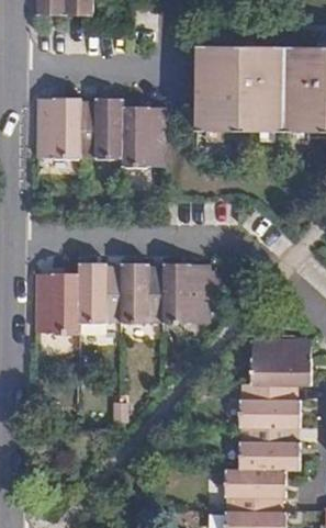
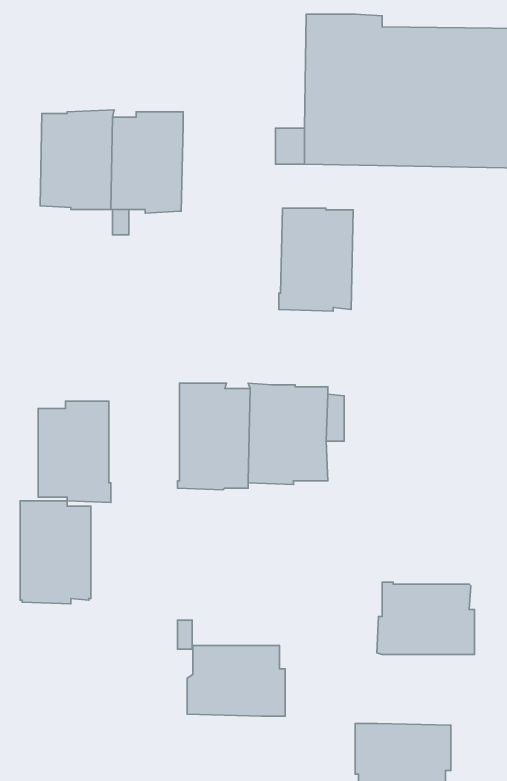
building: [119,106,164,169] -> [279,208,353,311]
building: [76,262,119,325] -> [20,501,91,604]
building: [248,340,308,385] -> none
building: [238,427,297,470] -> [187,645,285,716]

